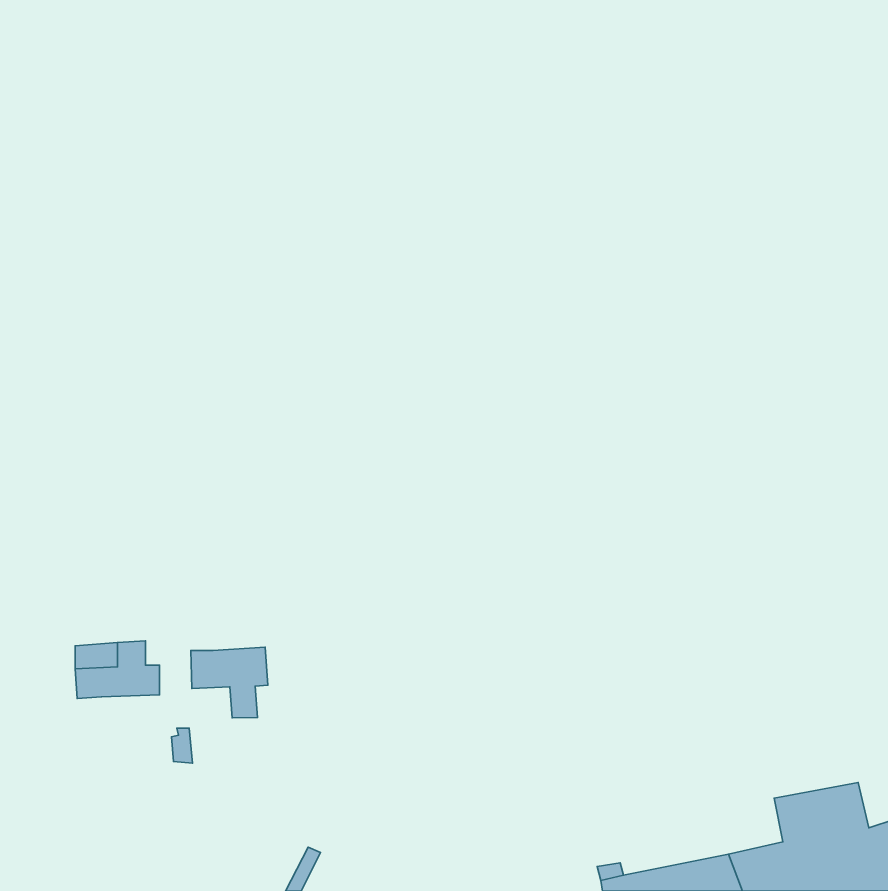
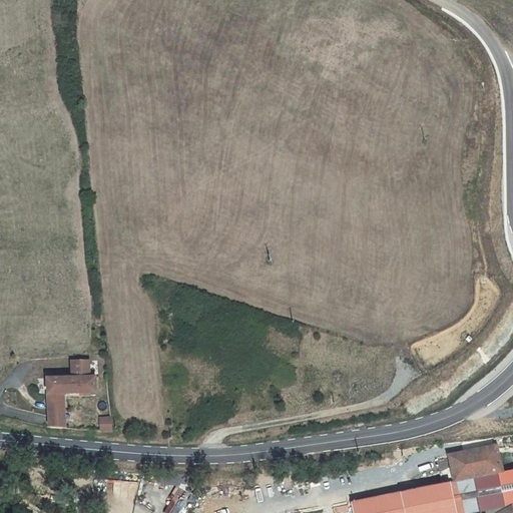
building: [191,647,268,718] -> none
building: none -> [48,399,63,433]

